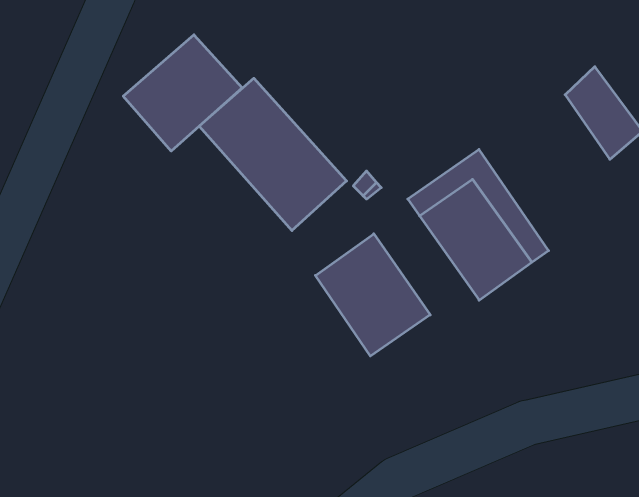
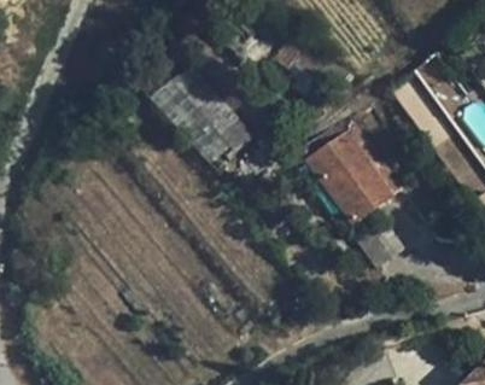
building: [123,35,242,151] -> none
building: [315,234,430,356] -> none

